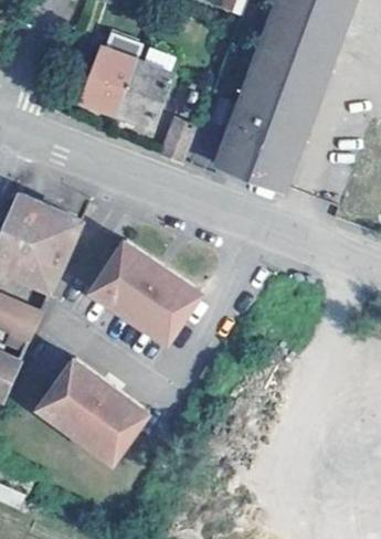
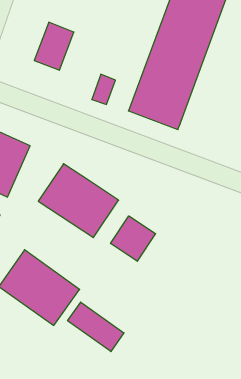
building: [119,63,172,128] -> none
building: none -> [111,216,156,261]
building: none -> [68,302,124,352]

